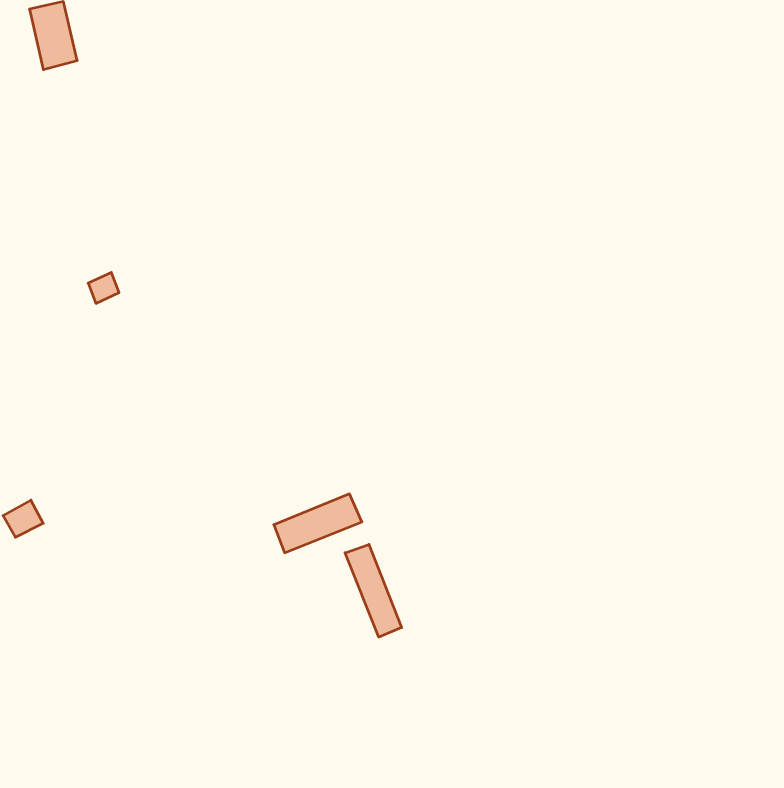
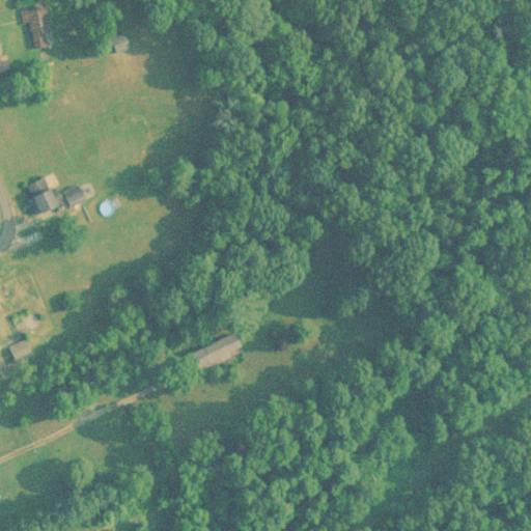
building: none -> [26,177,55,214]
building: [345,544,402,637] -> none

